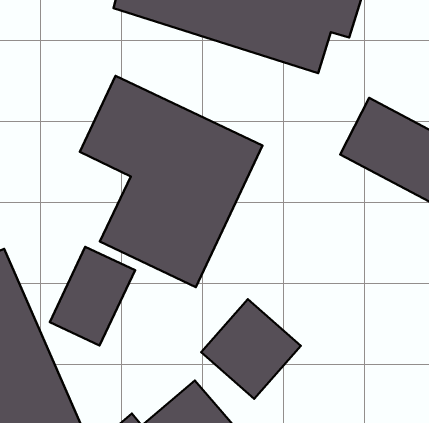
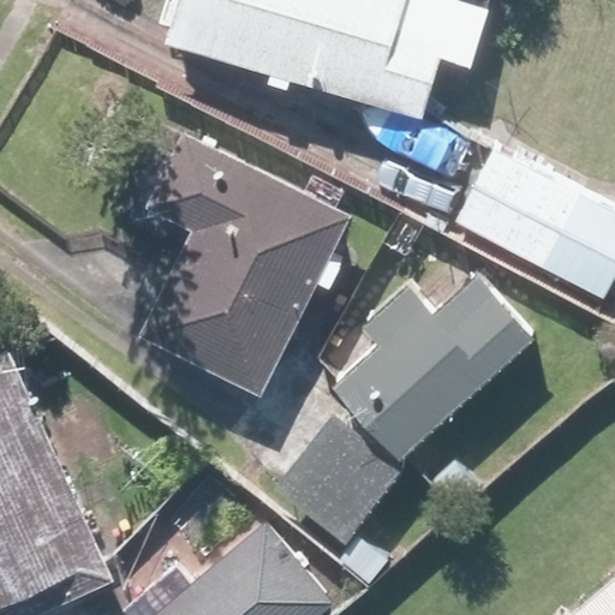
building: none -> [336,273,541,458]
building: [50,247,135,346] -> none

